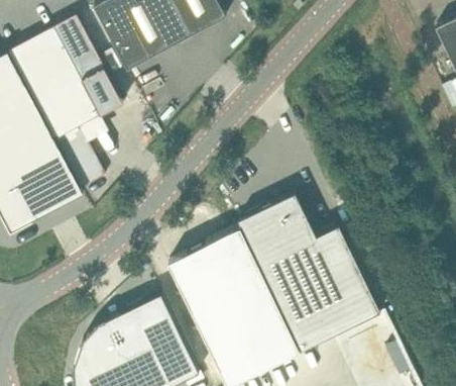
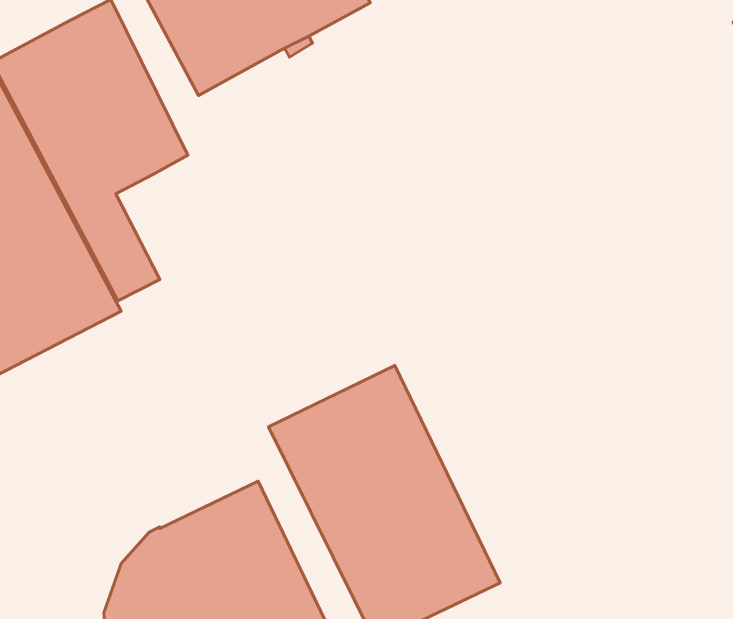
building: [238,193,382,353] -> none

